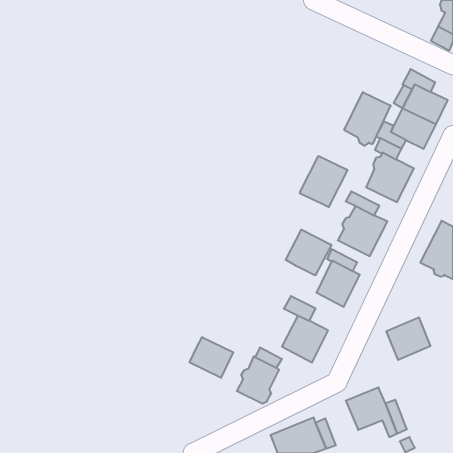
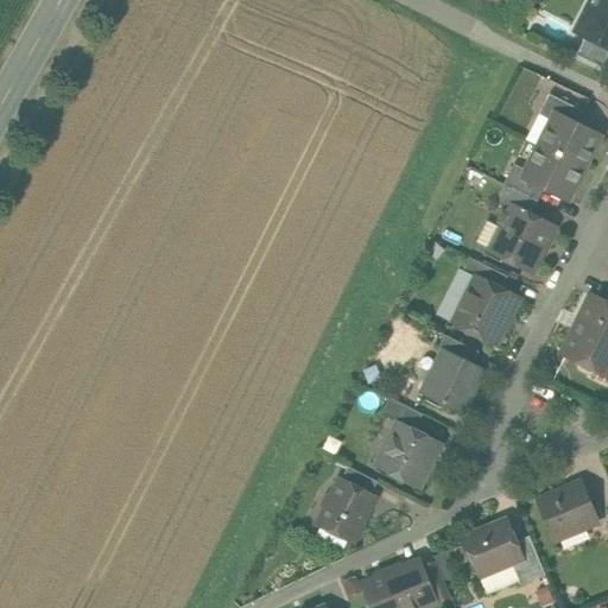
building: [344,92,391,146] -> none
building: [300,156,347,207] -> none
building: [286,230,331,275] -> none
building: [386,317,431,360] -> [538,482,597,539]
building: [190,337,233,378] -> none

